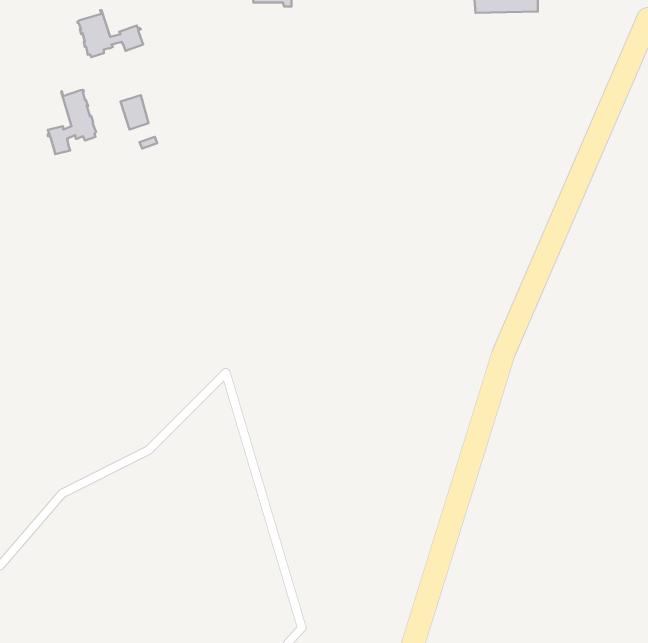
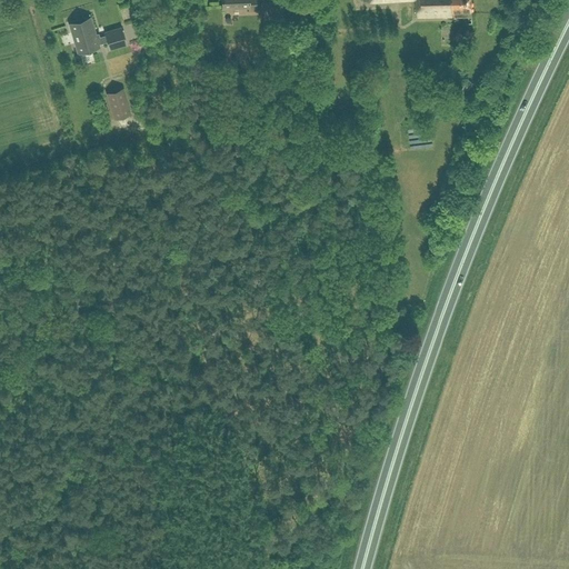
building: [48,90,96,154] -> none

